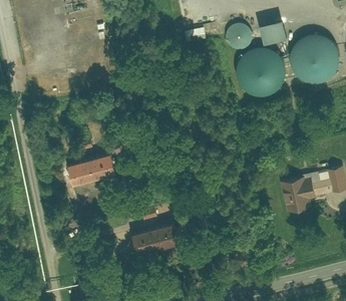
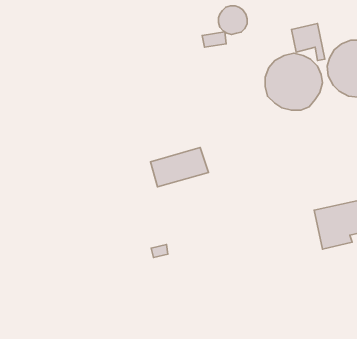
building: [228,25,252,49] -> [219,6,247,34]
building: [64,154,113,187] -> [150,148,209,187]
building: [127,222,178,258] -> none

